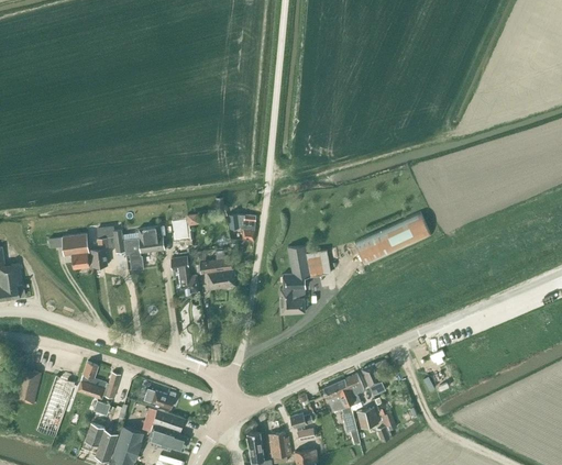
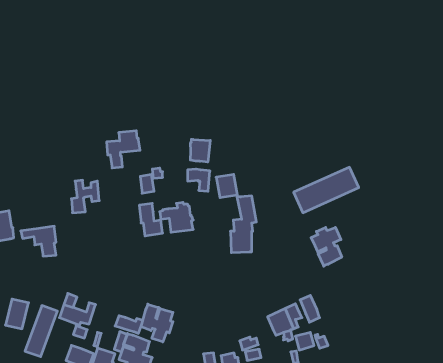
building: none -> [190,139,210,162]
building: [124,226,164,270] -> [107,131,140,168]
building: [47,233,89,268] -> [21,226,56,256]
building: [306,250,331,277] -> [216,174,237,198]
building: none -> [311,227,342,266]
building: none -> [141,304,173,342]

